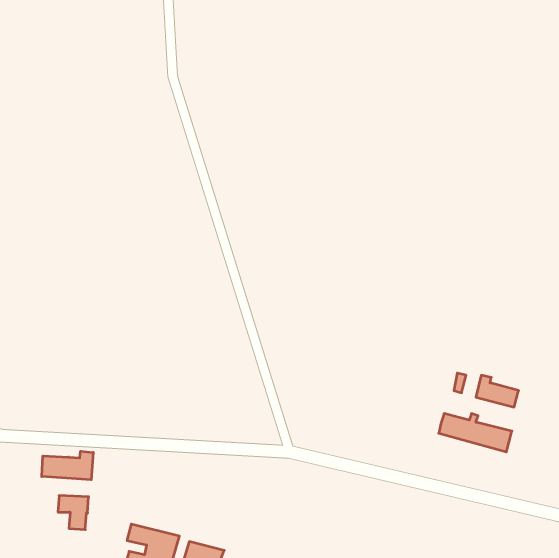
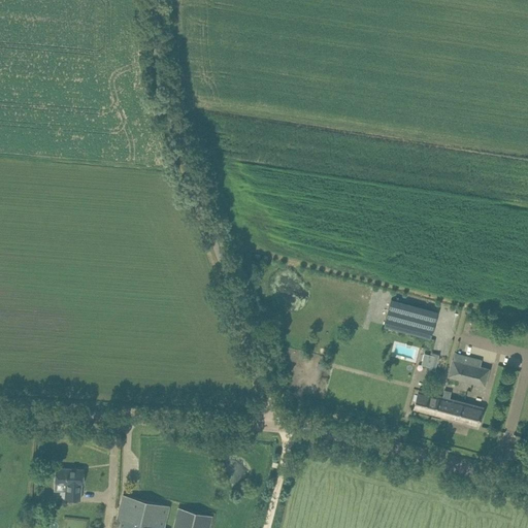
building: none -> [385,300,437,338]
building: [42,451,93,480] -> none

